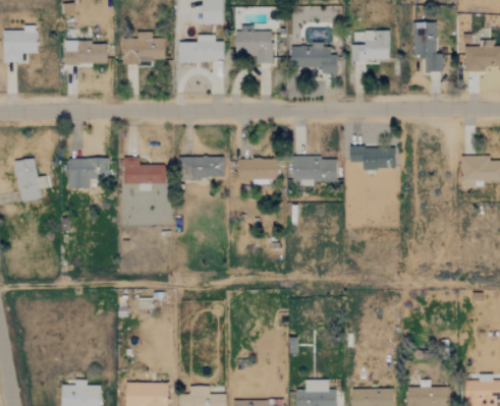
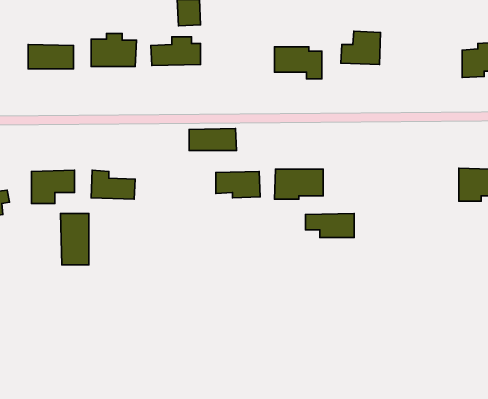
building: [413,21,443,72] -> none
building: [236,25,273,63] -> none
building: [350,147,395,169] -> [306,213,354,238]
building: [180,157,224,177] -> [189,128,237,151]
building: none -> [60,213,89,265]

